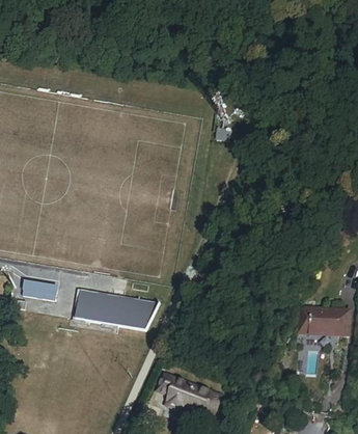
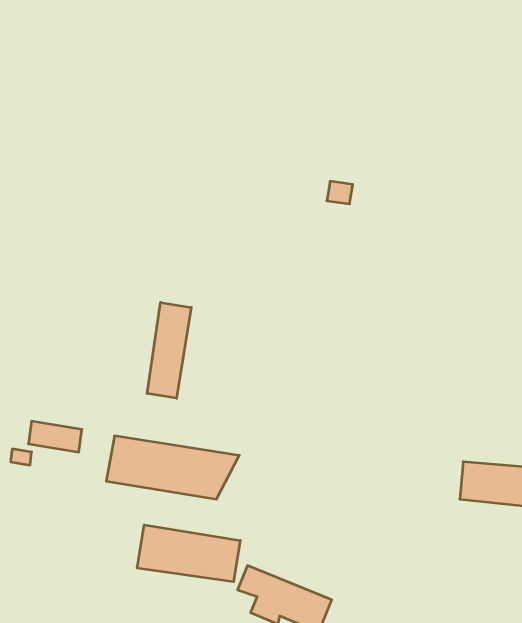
building: none -> [147,302,191,398]
building: none -> [137,525,240,582]

